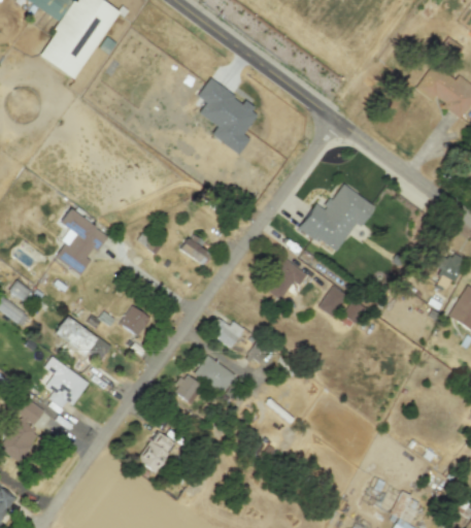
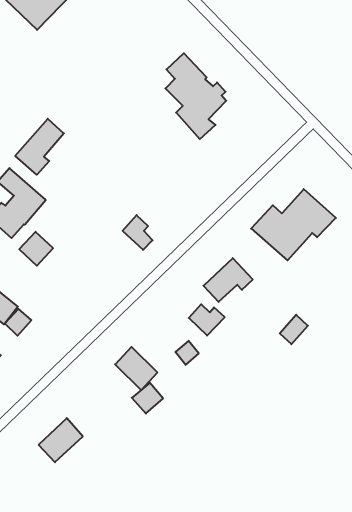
building: none -> [15,119,64,175]
building: [319,286,347,317] -> none
building: [121,305,152,336] -> [19,232,53,266]
building: [212,320,245,348] -> [189,304,225,336]
building: [175,374,204,403] -> [132,383,163,414]

